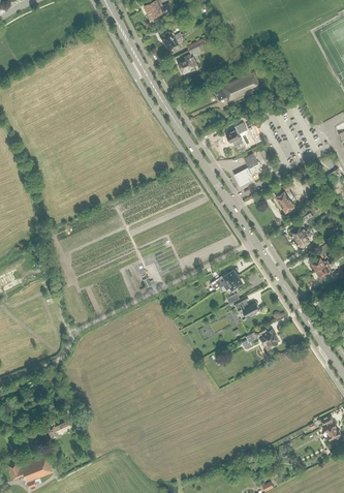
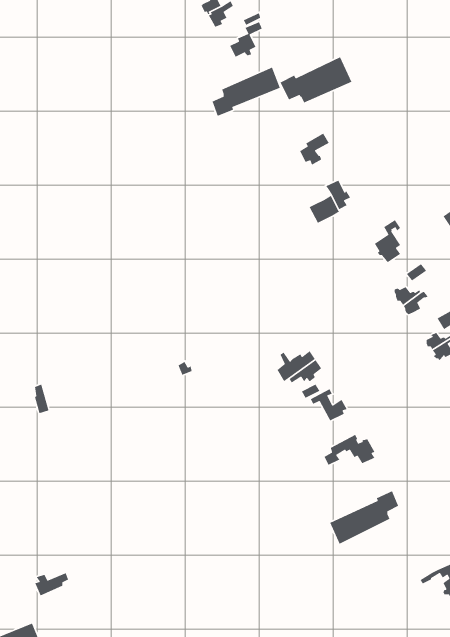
building: none -> [212,67,281,117]
building: none -> [329,490,399,545]

